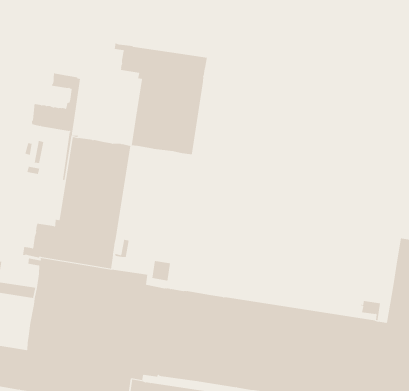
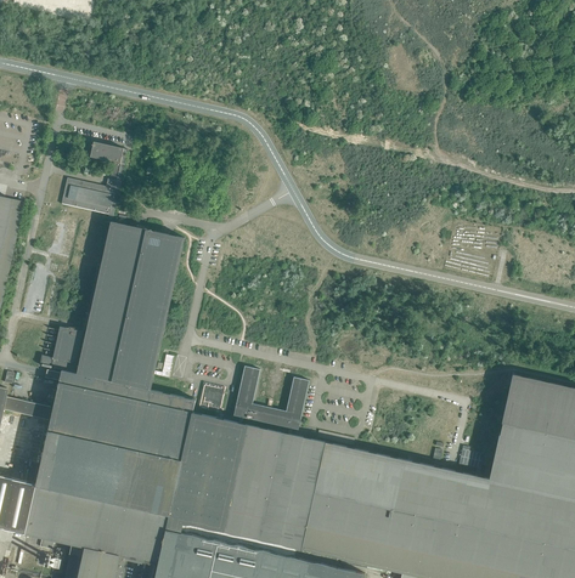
building: [114,42,207,155] -> none
building: none -> [233,365,309,433]

